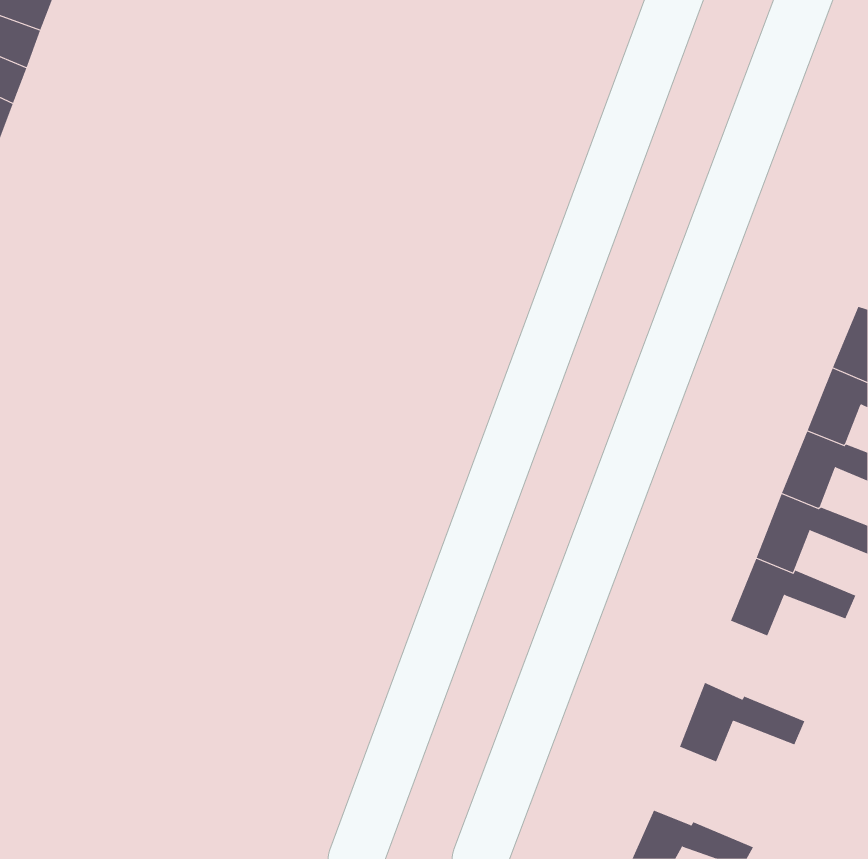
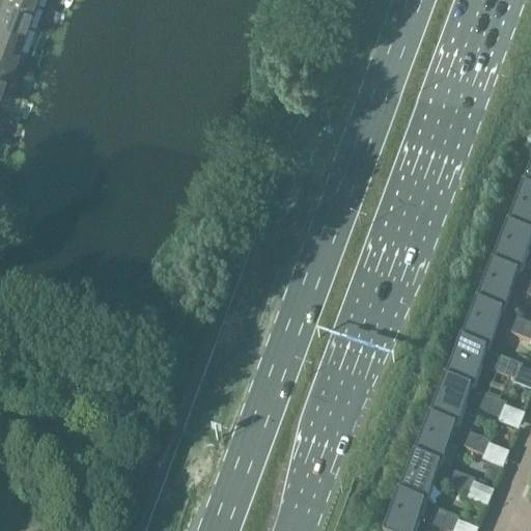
building: none -> [429,379,506,426]
building: none -> [398,455,475,503]

